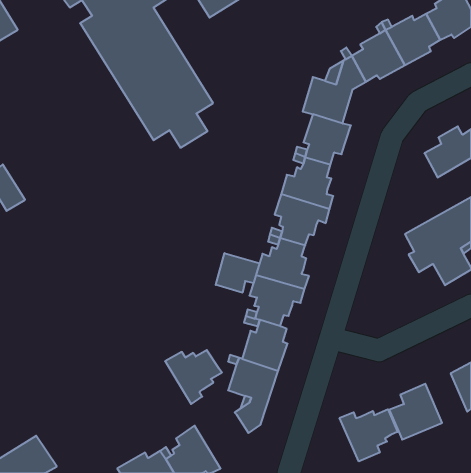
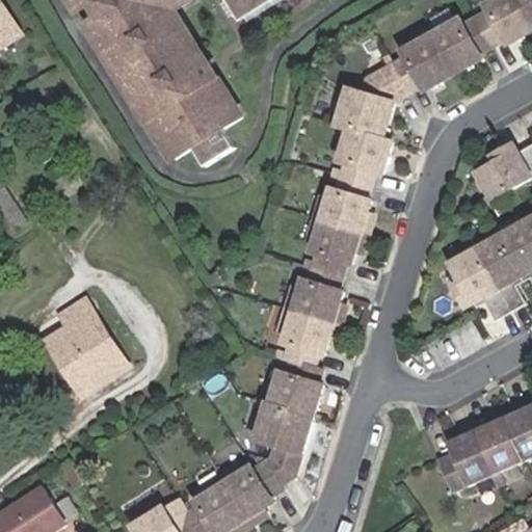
building: [216,253,259,293] -> none
building: none -> [45,297,127,395]
building: [165,350,222,404] -> [217,463,281,524]
building: none -> [475,418,522,473]
building: [340,409,398,461] -> none

